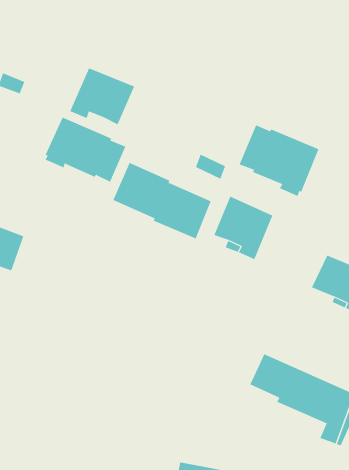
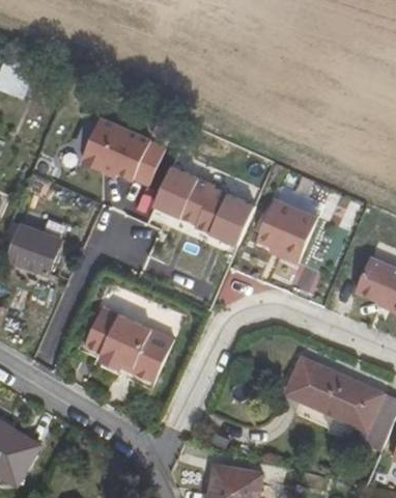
building: [70,68,135,125] -> none
building: [239,125,319,197] -> none
building: none -> [83,306,172,378]

